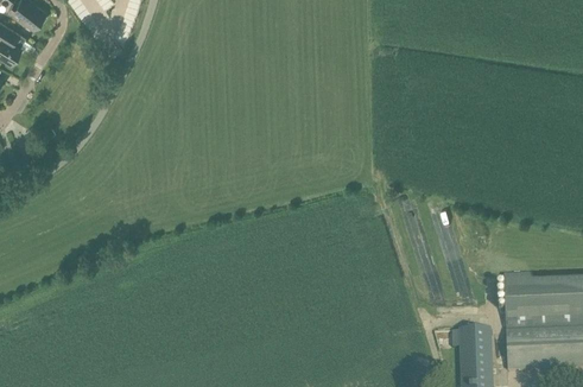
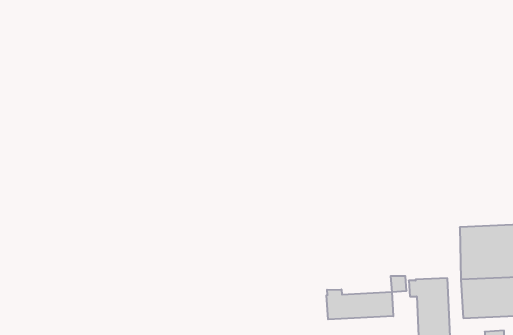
building: none -> [327,289,393,319]

